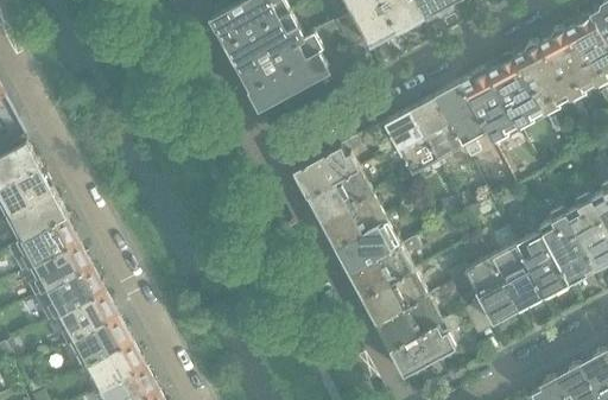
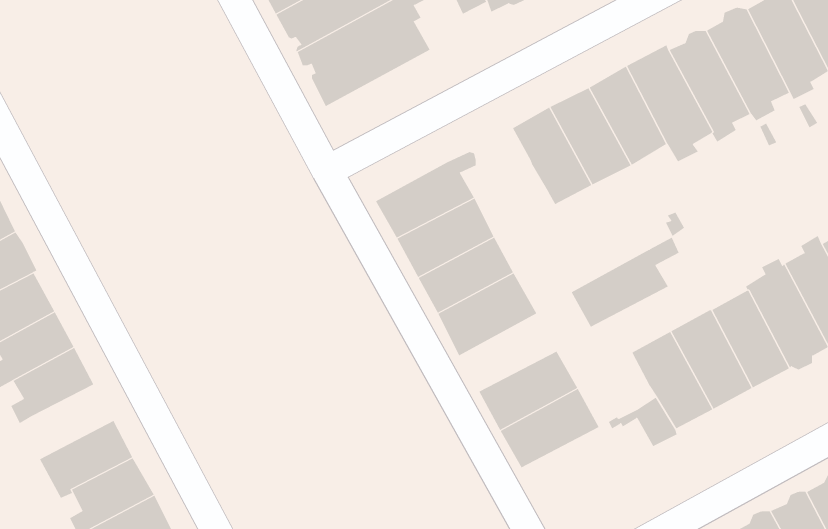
building: [348,239,420,299] -> [571,237,679,328]
building: [62,294,118,344] -> none
building: [390,323,456,376] -> none

